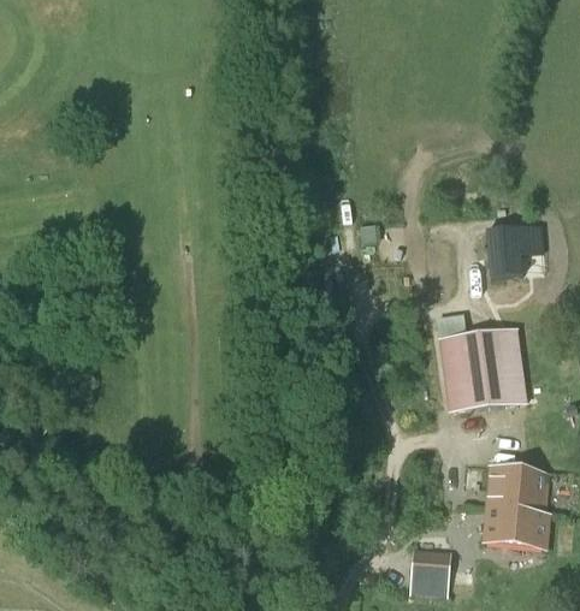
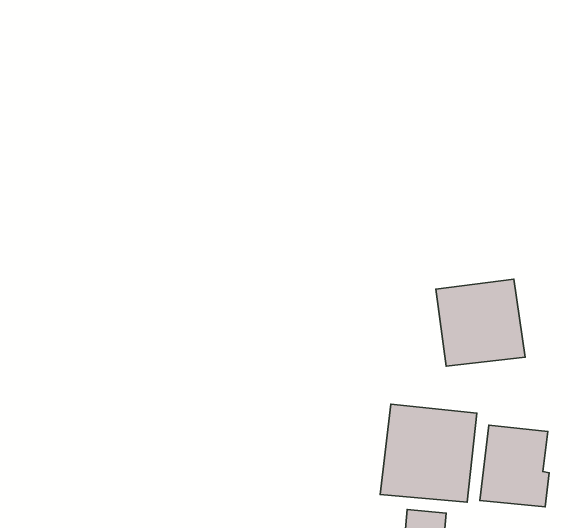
building: [486,225,544,277] -> none
building: none -> [380,404,477,502]

